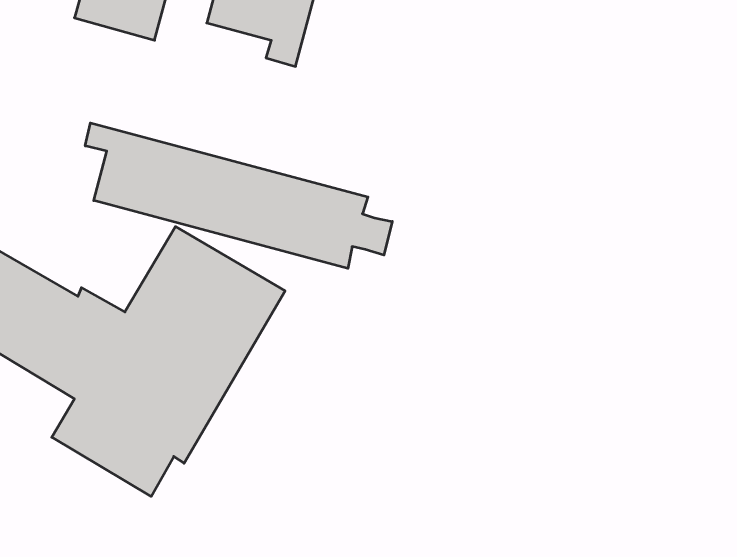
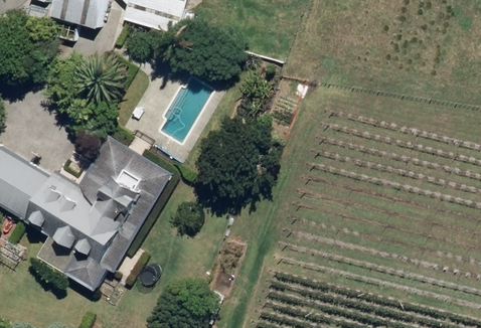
building: [85,123,392,268] -> none

